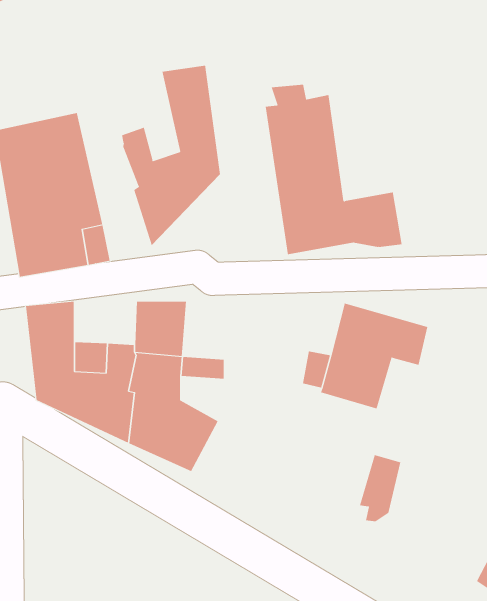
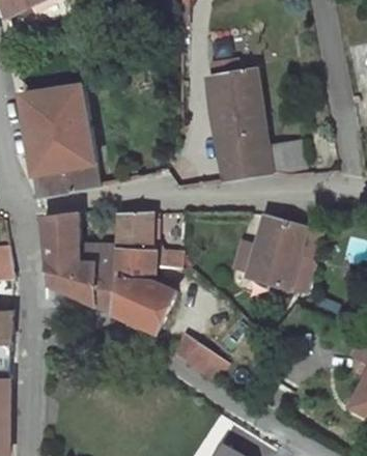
building: [121,65,220,246] -> none
building: [359,455,401,522] -> [285,254,314,301]
building: none -> [187,343,226,382]

